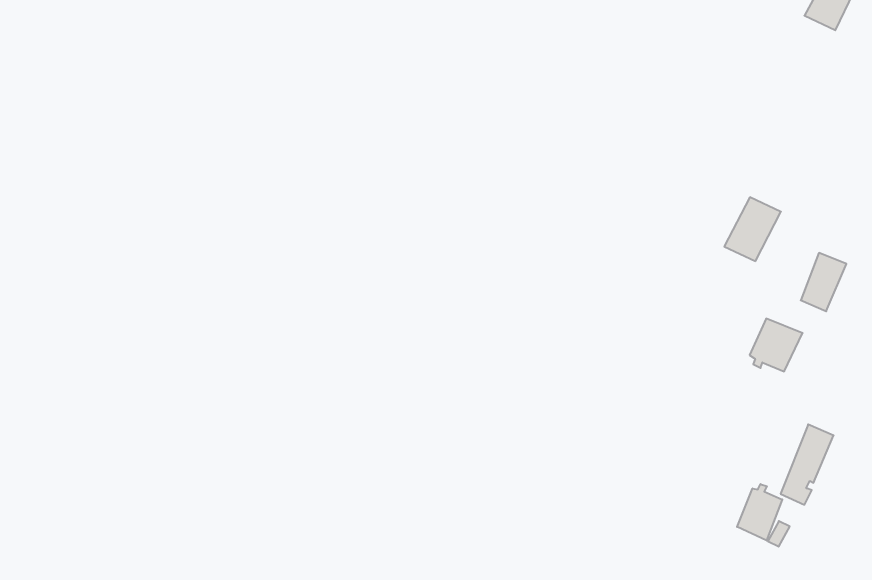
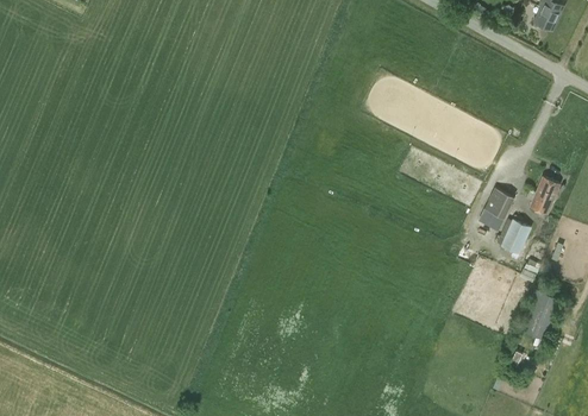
building: [724,197,781,261] -> [478,188,515,229]
building: [737,484,782,541] -> none

